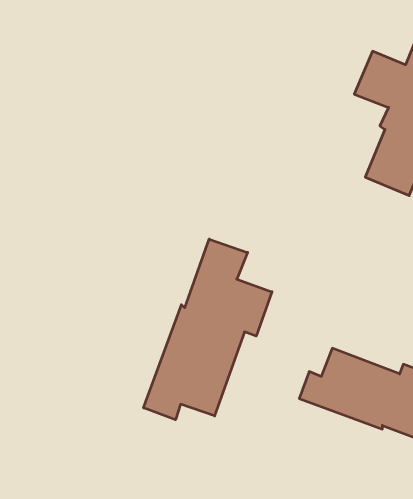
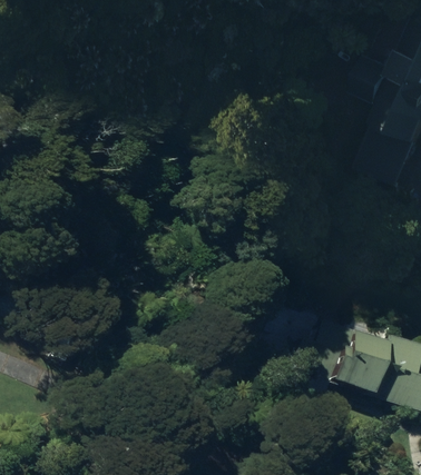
building: [144,239,272,420] -> none

